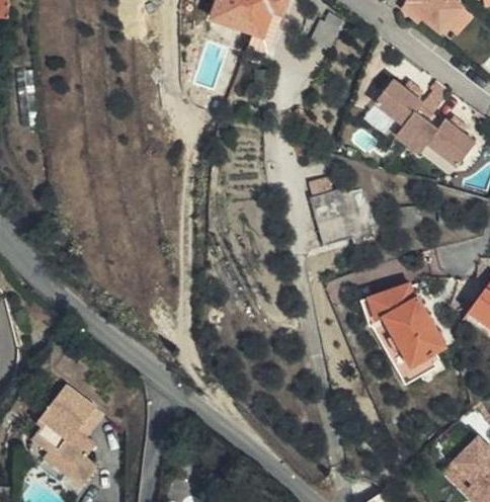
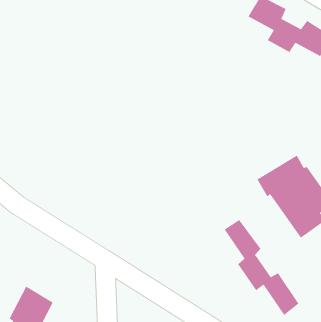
building: [311,174,357,239] -> none
building: none -> [224,219,299,316]

